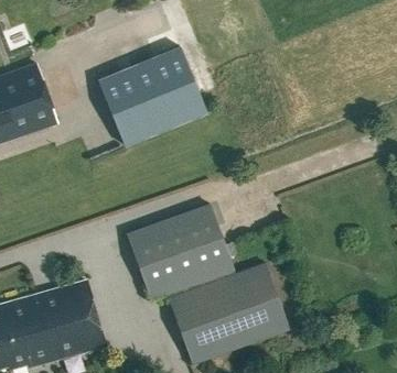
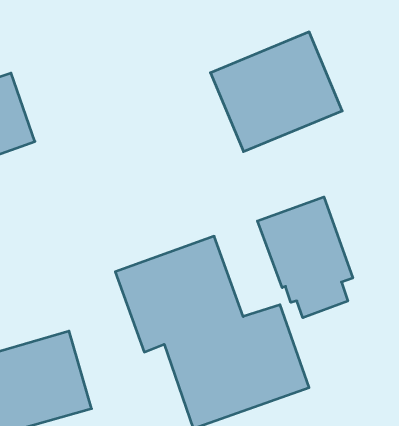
building: [97,45,207,145] -> [210,32,342,152]
building: none -> [257,197,353,318]

